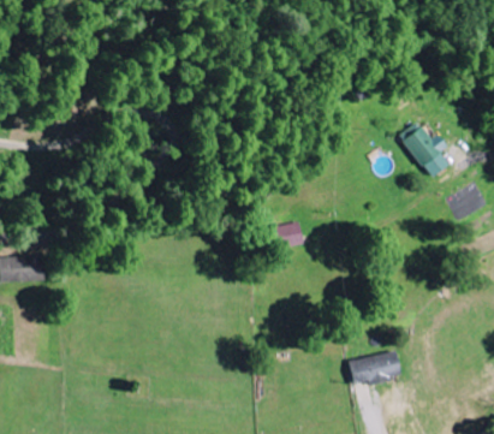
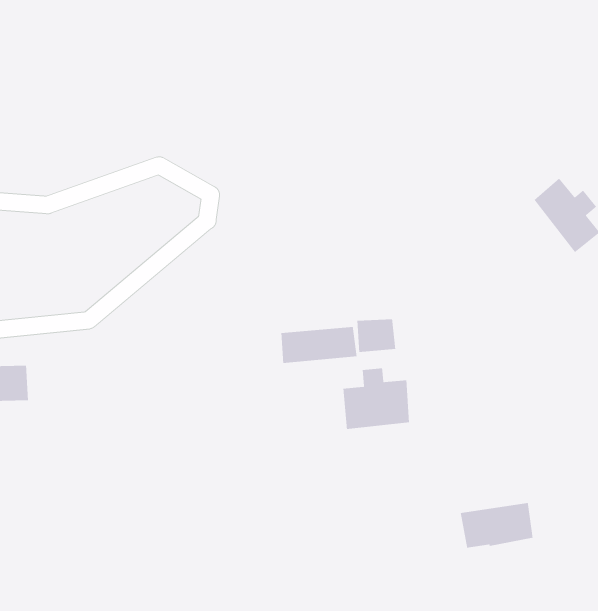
building: none -> [281,326,357,364]
building: none -> [342,367,410,430]

